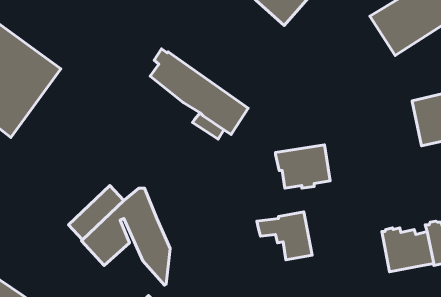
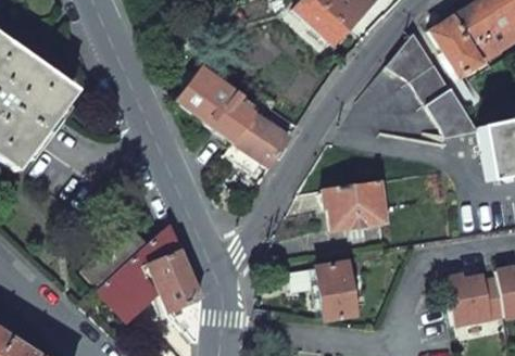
building: none -> [388,33,479,136]

